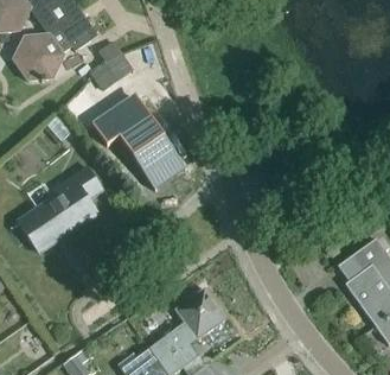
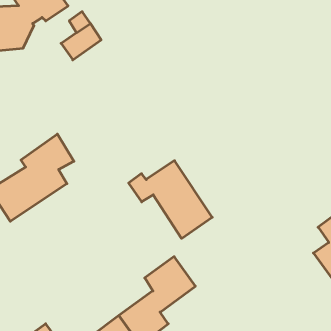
building: [95,101,179,179] -> [129,161,212,238]

